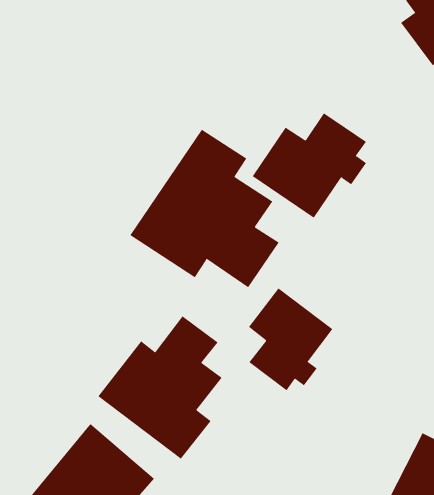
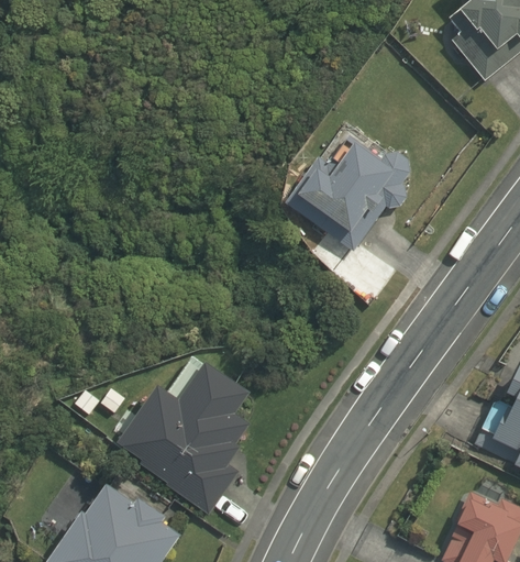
building: [130,129,280,288] -> none
building: [248,288,333,391] -> none

